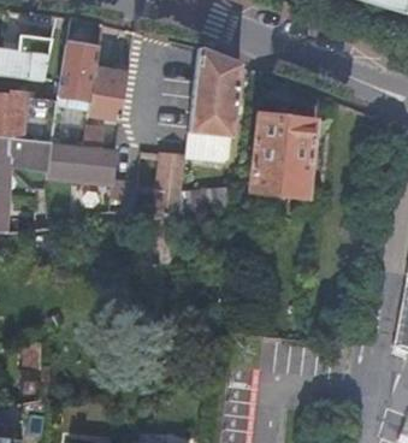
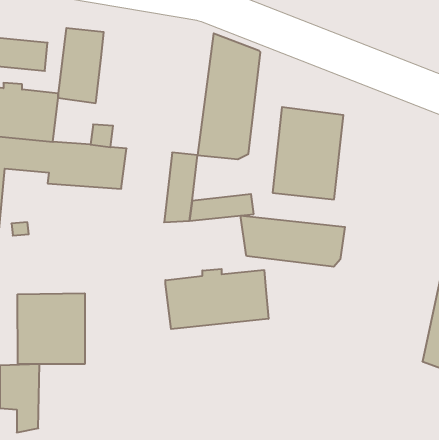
building: [91,67,130,118] -> none
building: none -> [241,216,345,267]
building: none -> [165,269,268,329]
building: none -> [18,293,85,364]

